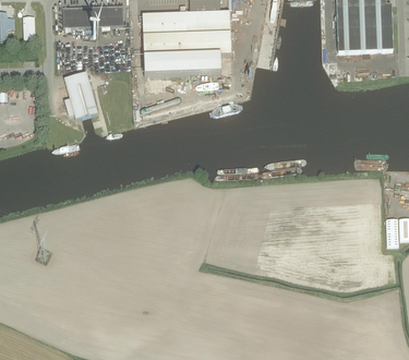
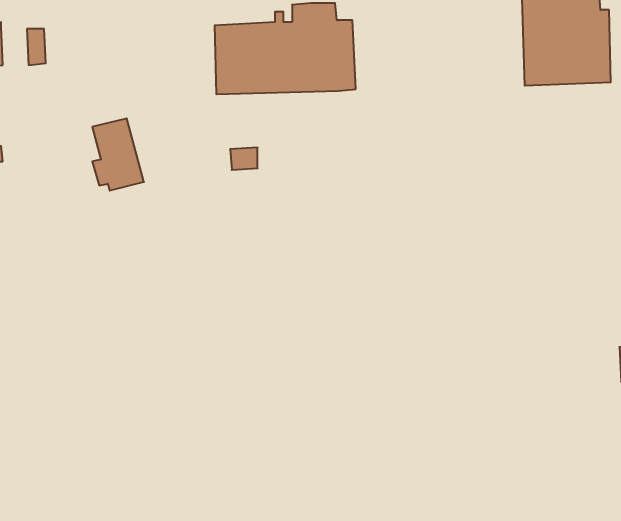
building: [62,9,123,34] -> none
building: [143,59,221,80] -> none

